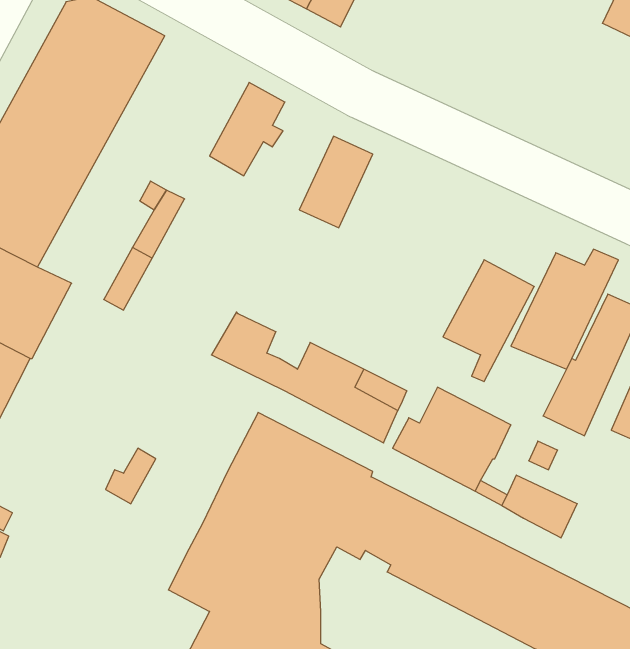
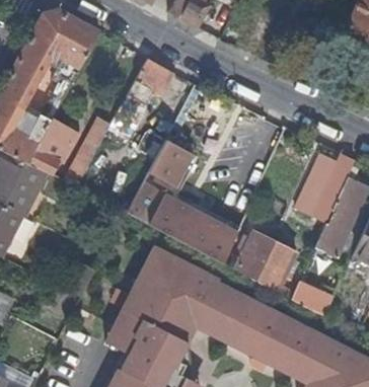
building: none -> [27,121,78,174]
building: [443,260,534,382] -> [141,146,193,215]

